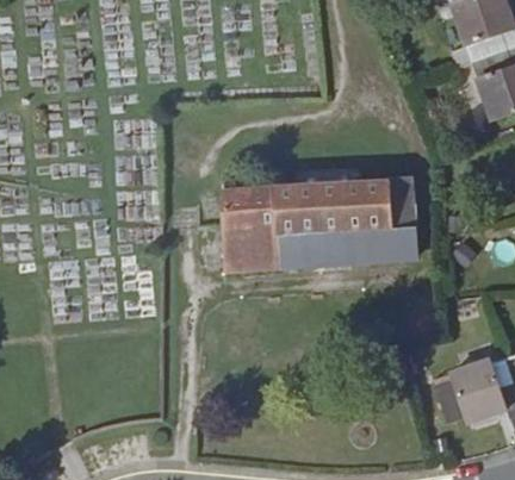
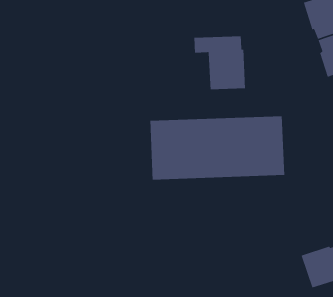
building: none -> [193,36,246,90]

